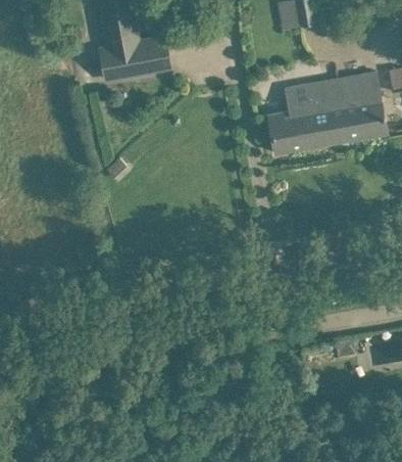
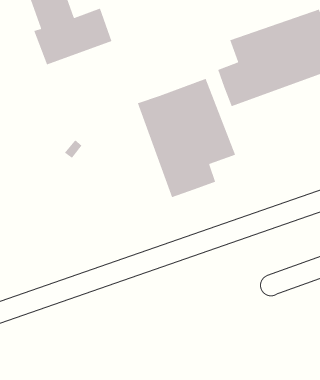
building: none -> [137,78,236,198]

